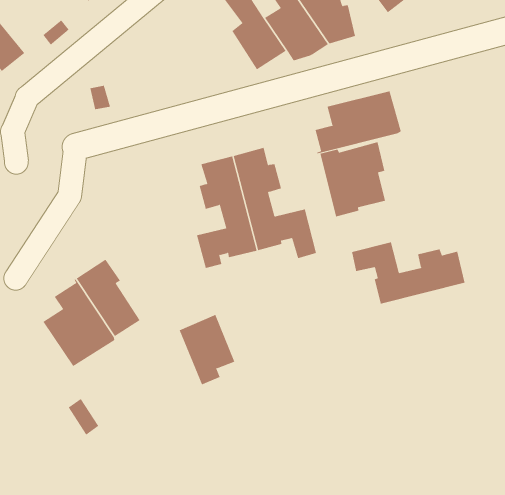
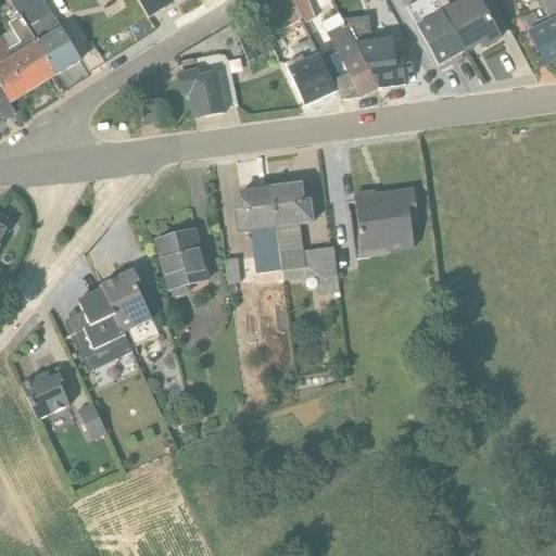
building: none -> [176,52,237,116]
building: [315,91,401,154] -> none
building: [352,242,465,305] -> none
building: [179,314,235,385] -> [156,228,207,295]
building: none -> [21,370,71,418]

